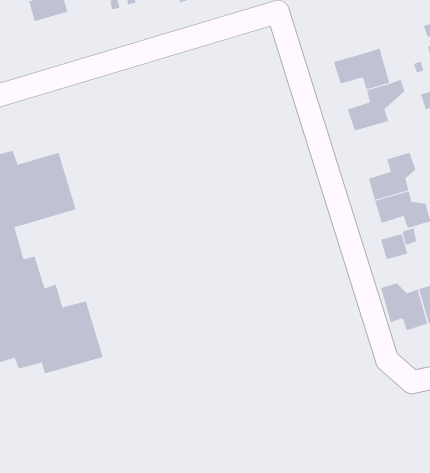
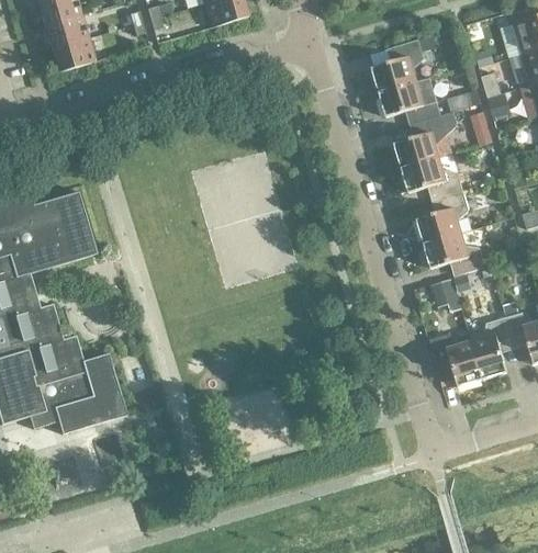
building: none -> [51,36,96,71]
building: none -> [371,37,424,91]
building: none -> [401,156,478,198]

